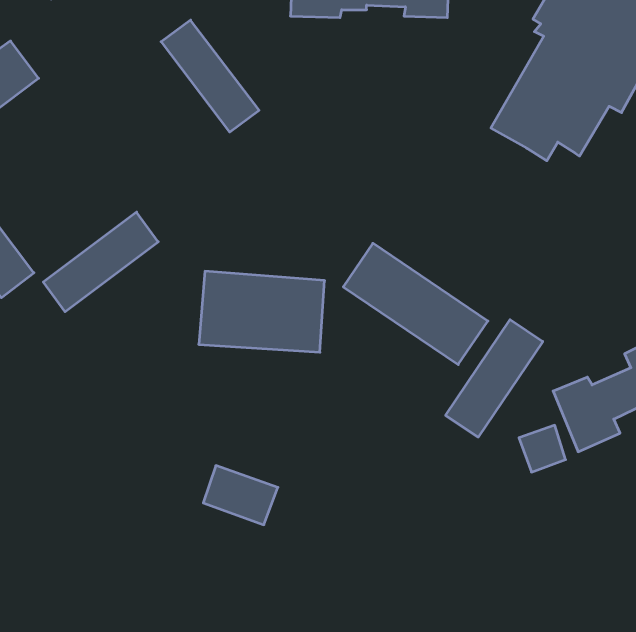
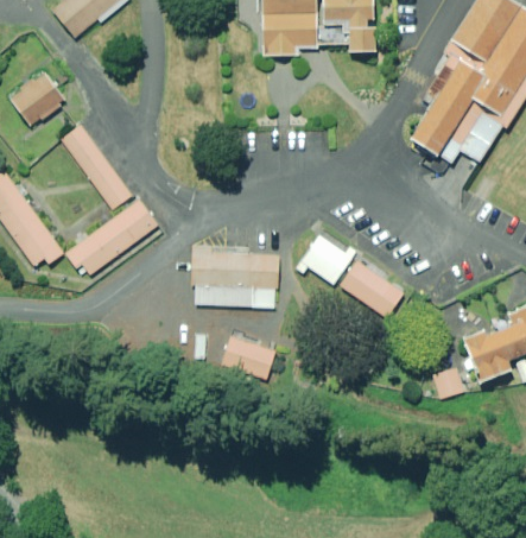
building: [161,20,259,132] -> [59,125,134,210]
building: [446,320,543,437] -> none
building: [203,466,278,525] -> [223,334,280,379]

